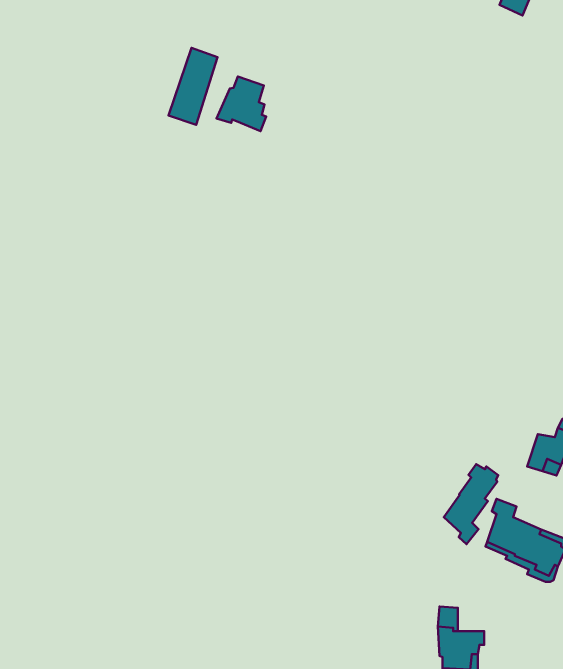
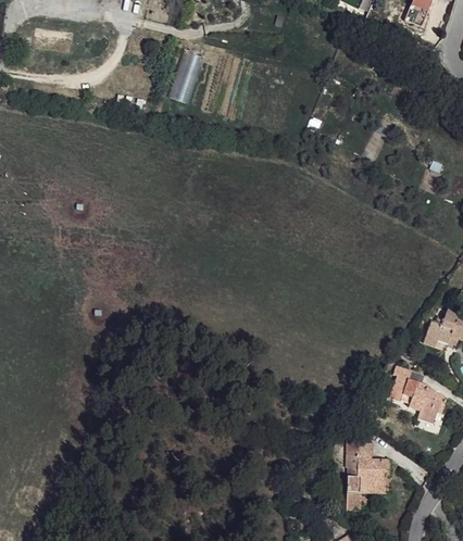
building: [216,77,266,131] -> none
building: [444,464,498,544] -> none

